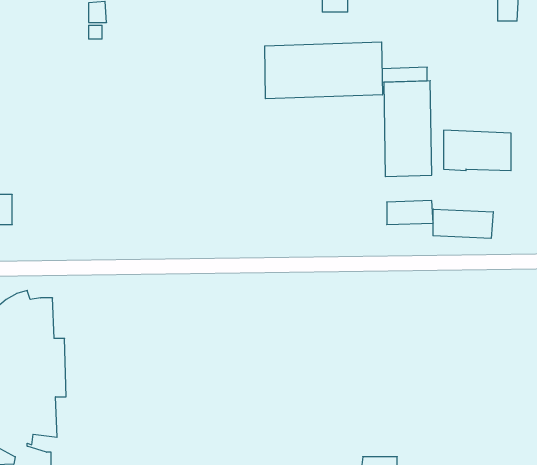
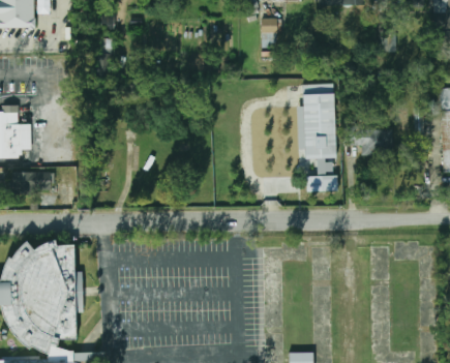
building: [265,42,382,99] -> none
building: [433,209,493,238] -> none

